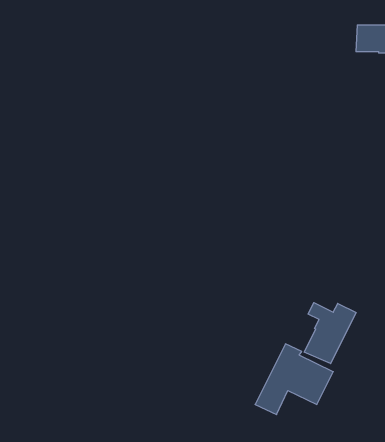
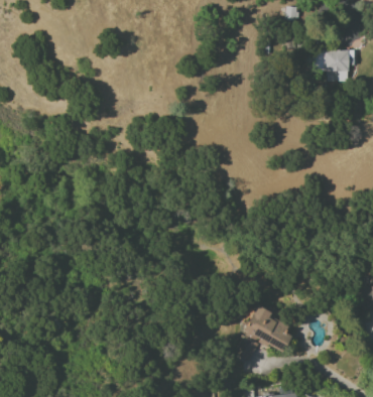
building: [304,303,356,364] -> none

